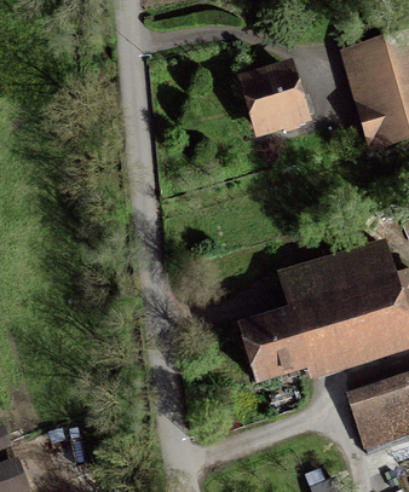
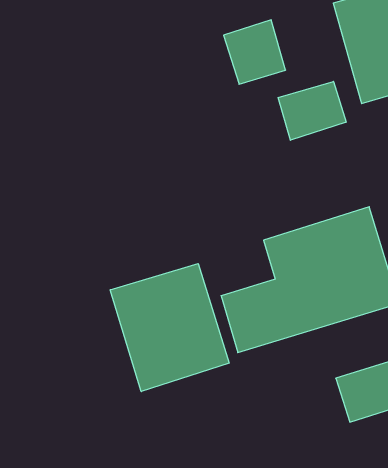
building: none -> [278,81,346,140]
building: none -> [110,264,229,392]

